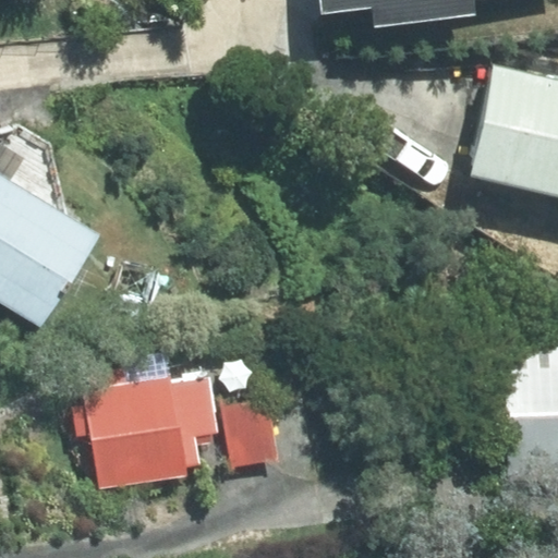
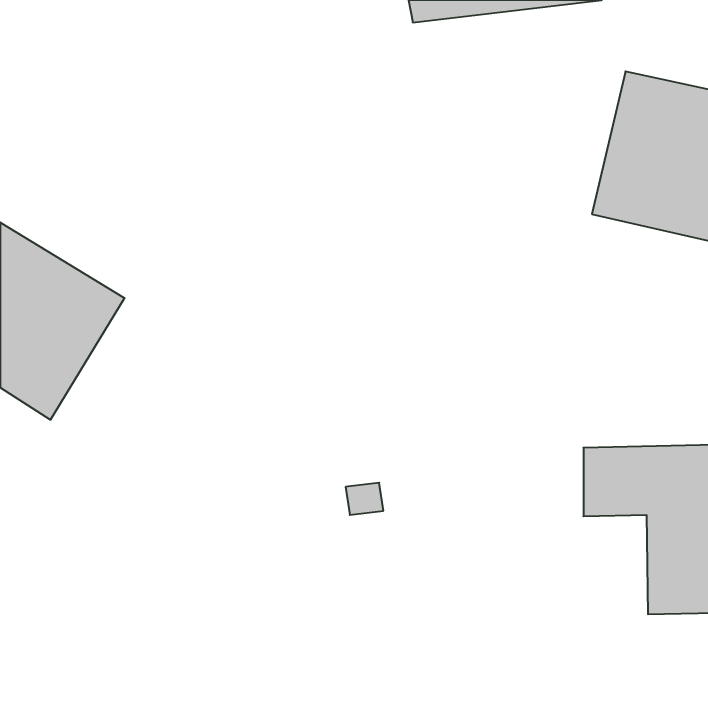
building: [84,353,218,492] -> none

